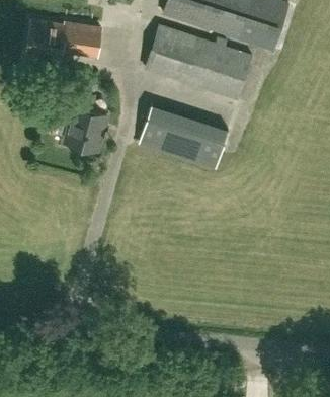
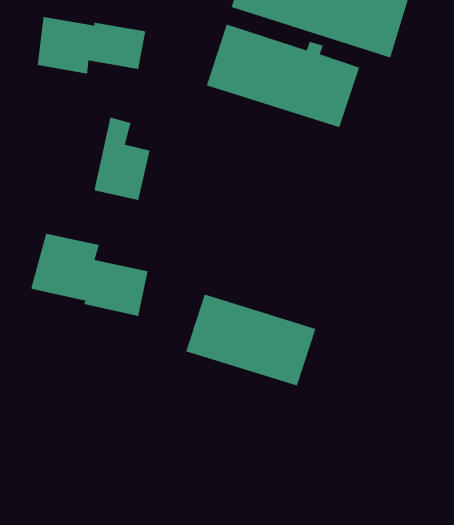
building: [133,99,224,164] -> [185,294,316,387]
building: none -> [30,233,148,317]

